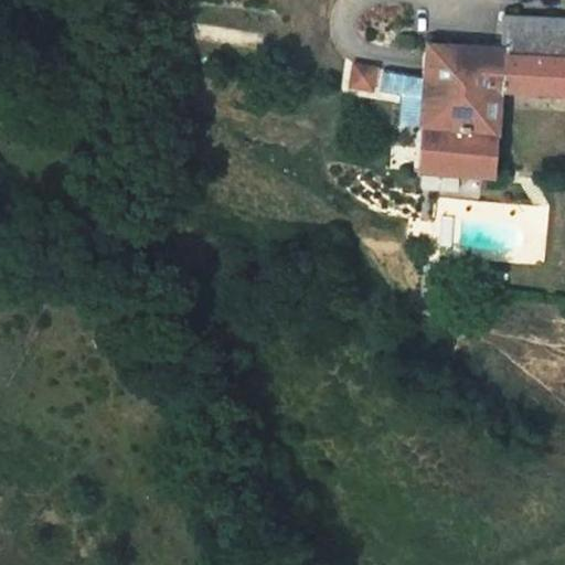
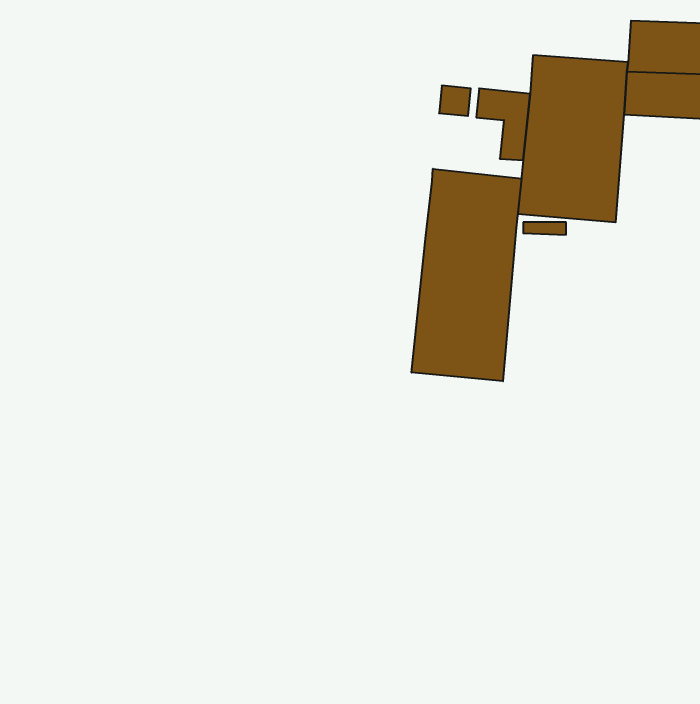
building: none -> [412,169,521,381]

